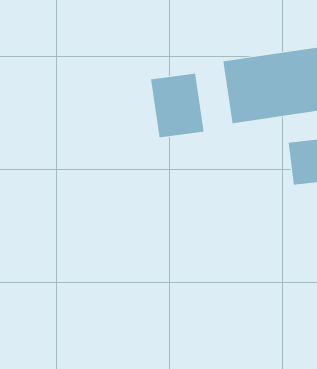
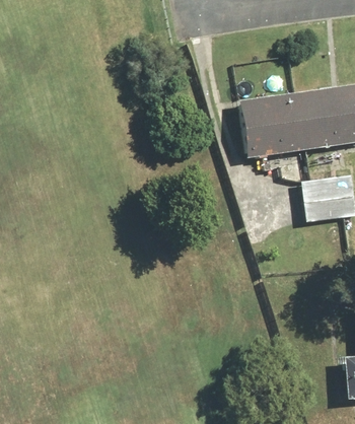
building: [150,73,204,138] -> none

